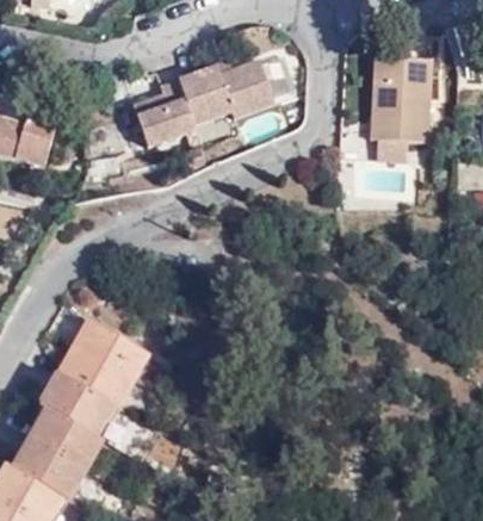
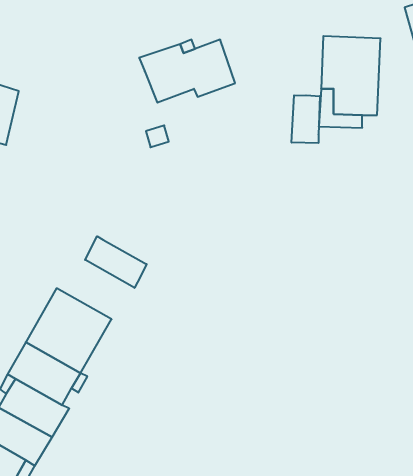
building: [131,79,198,149] -> none
building: none -> [292,95,320,143]
building: none -> [85,236,147,288]

